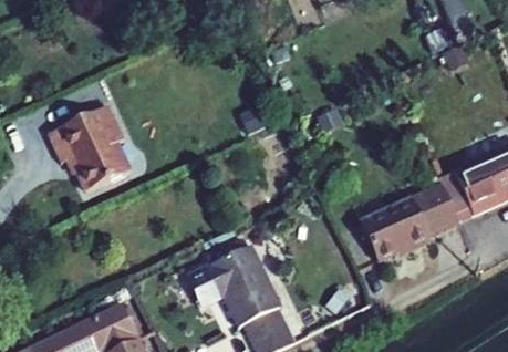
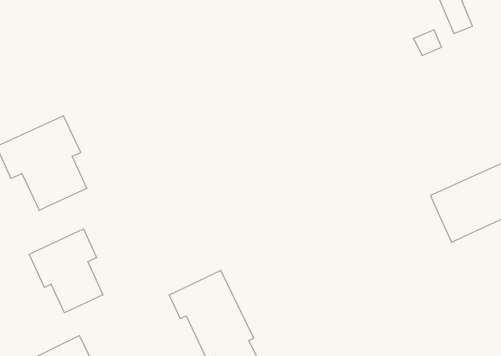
building: [360,185,458,260] -> none
building: none -> [29,229,103,313]

